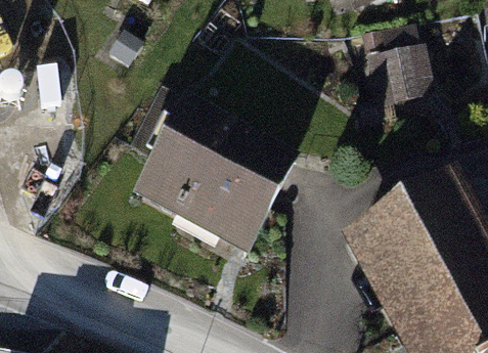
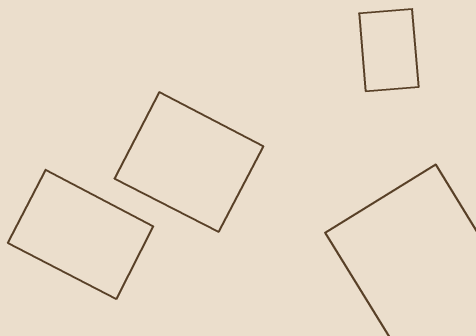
building: none -> [8,170,153,299]

